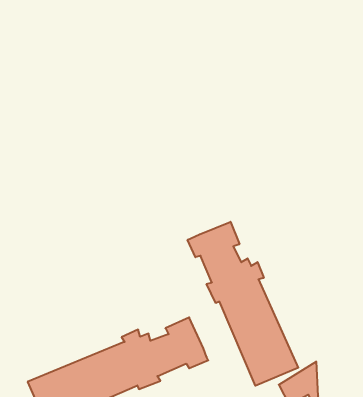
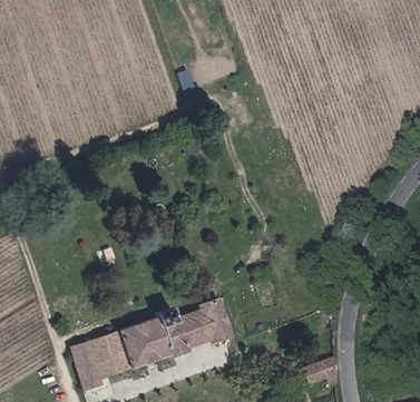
building: [188,222,298,386] -> none

